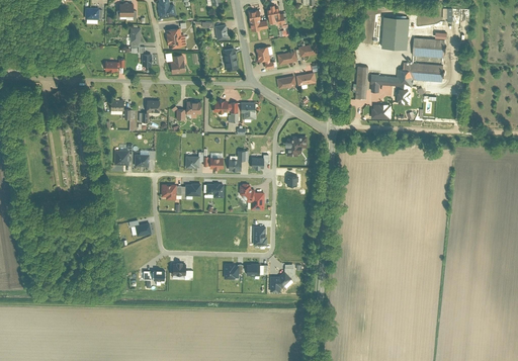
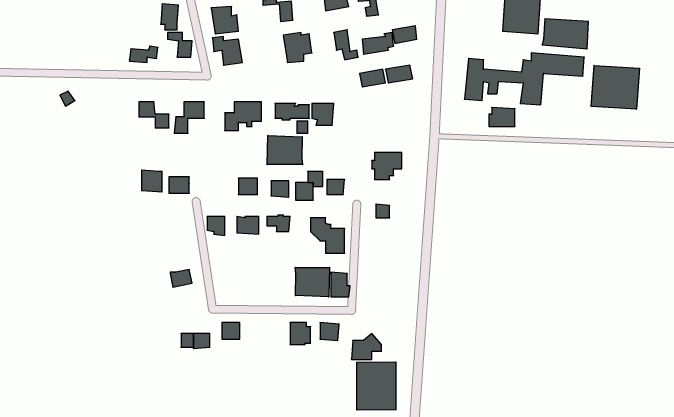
building: none -> [591,65,639,109]
building: none -> [267,135,303,165]
building: none -> [295,267,330,297]
building: none -> [357,362,396,410]

